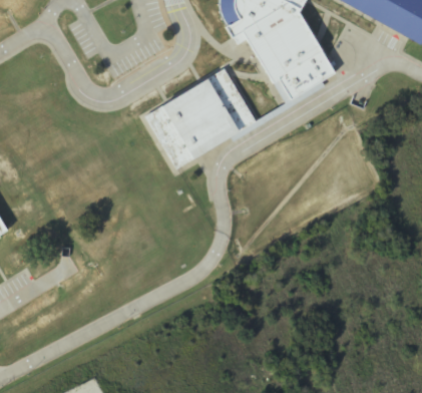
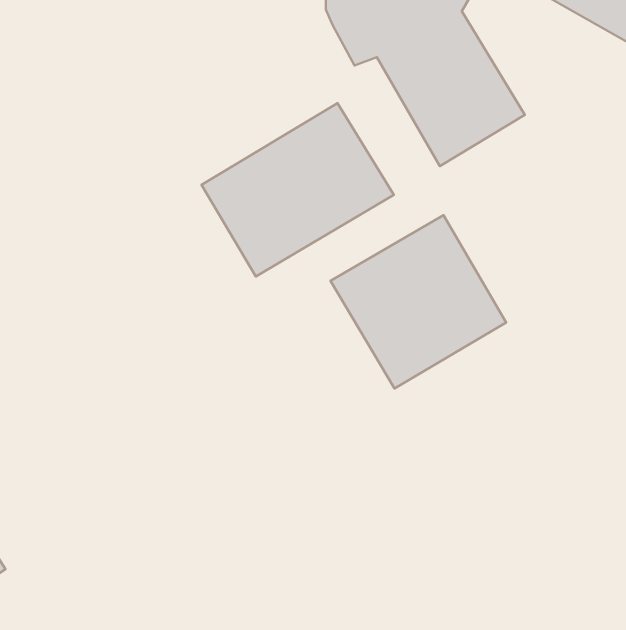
building: none -> [331,215,506,388]

